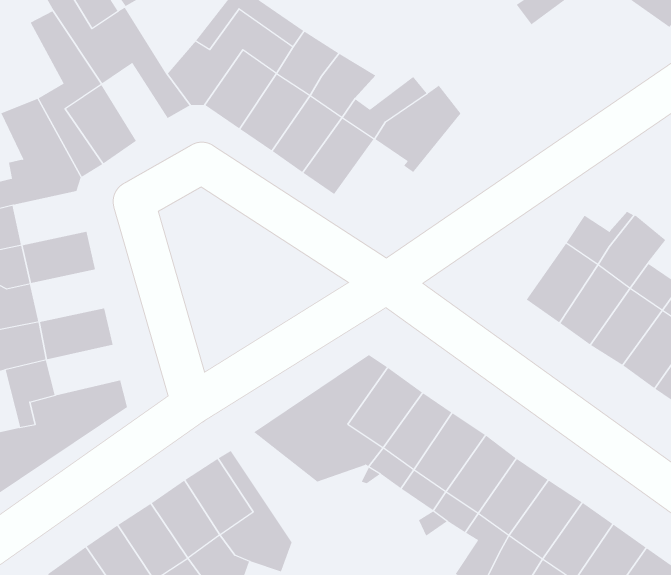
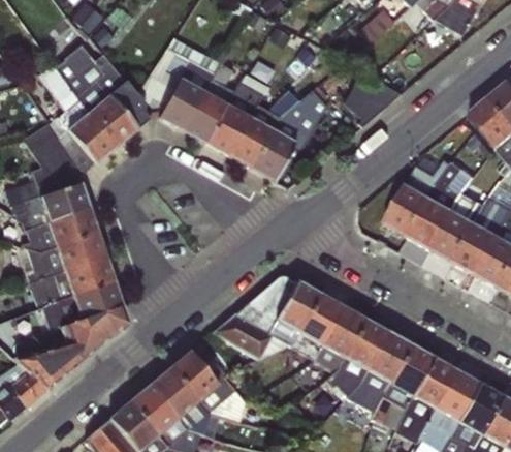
building: none -> [91,95,136,146]
building: none -> [343,70,402,127]
building: none -> [252,129,297,182]
building: none -> [40,183,91,222]
building: none -> [57,234,107,272]
building: none -> [72,282,123,320]

